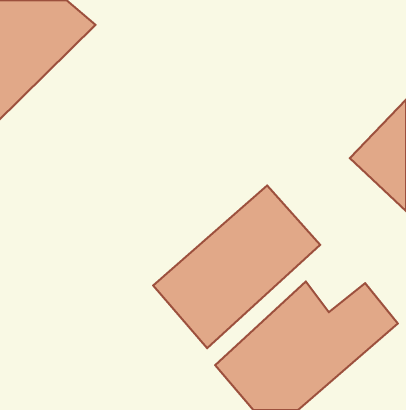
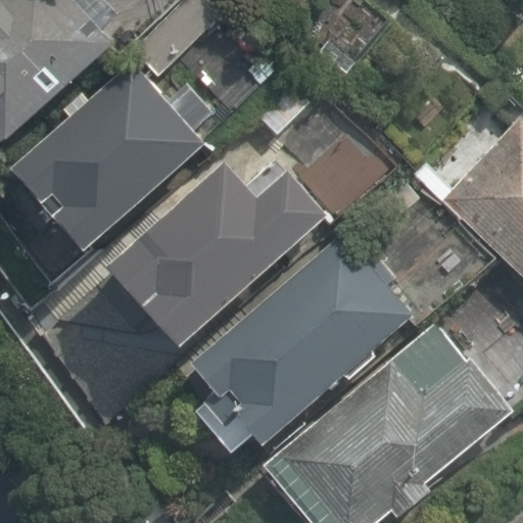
building: none -> [14,65,204,247]
building: none -> [104,158,324,345]

